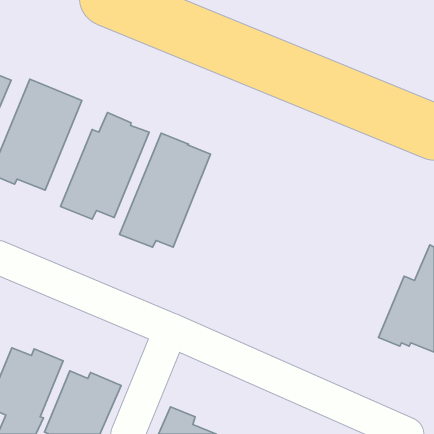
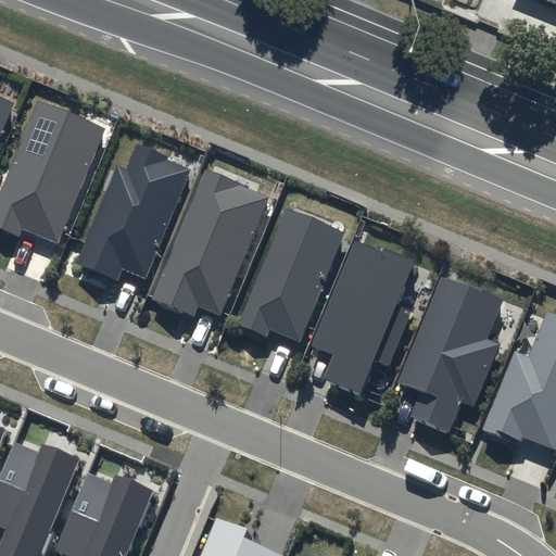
building: none -> [238,208,344,341]
building: none -> [312,240,416,393]
building: none -> [399,276,503,431]

